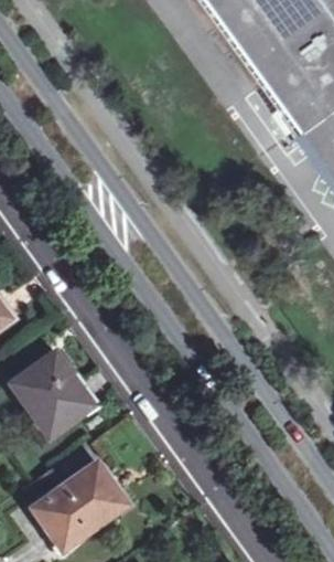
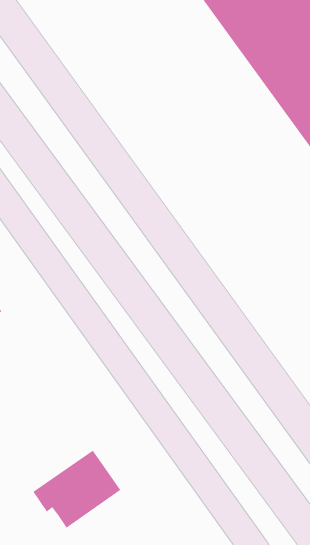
building: [13,348,98,435] -> none

